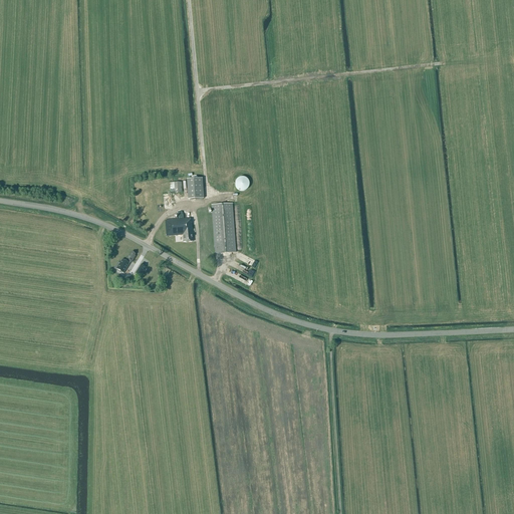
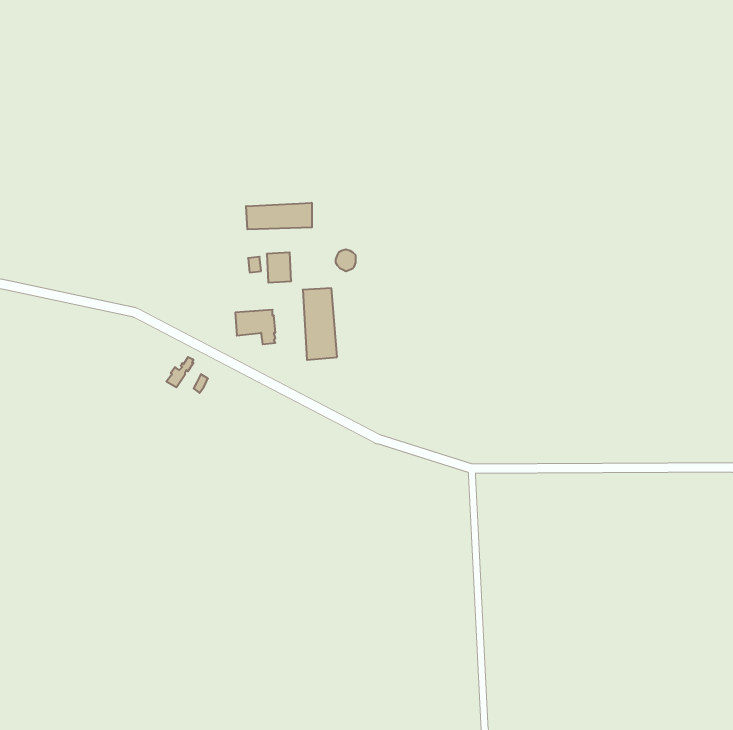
building: none -> [246,203,312,229]

